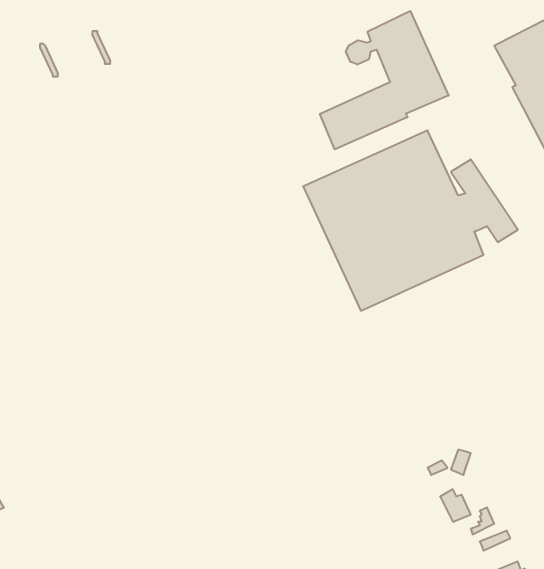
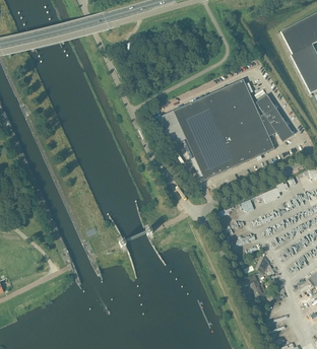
building: [320,11,449,149] -> none

